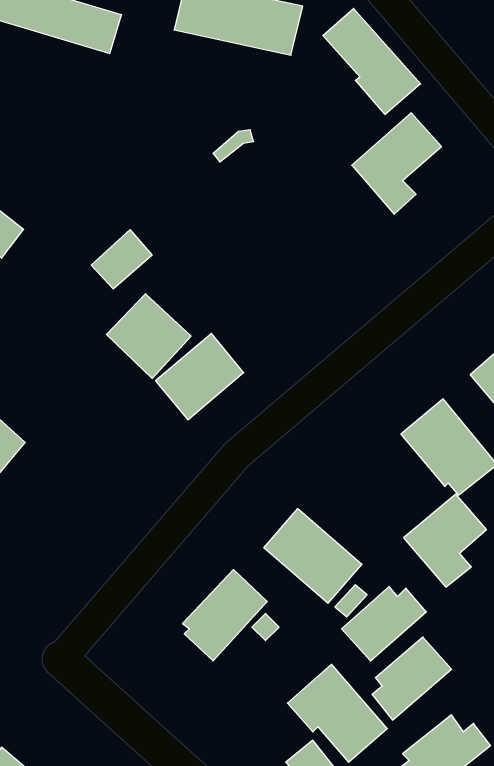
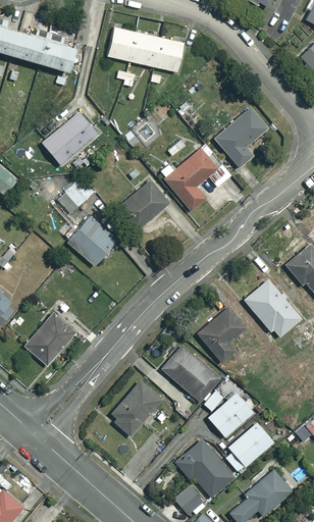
building: [323,8,421,114] -> none
building: none -> [42,113,102,166]
building: none -> [158,148,227,211]
building: [156,333,244,420] -> [116,180,169,232]
building: none -> [24,312,76,366]
building: [404,494,486,587] -> [196,307,246,363]

